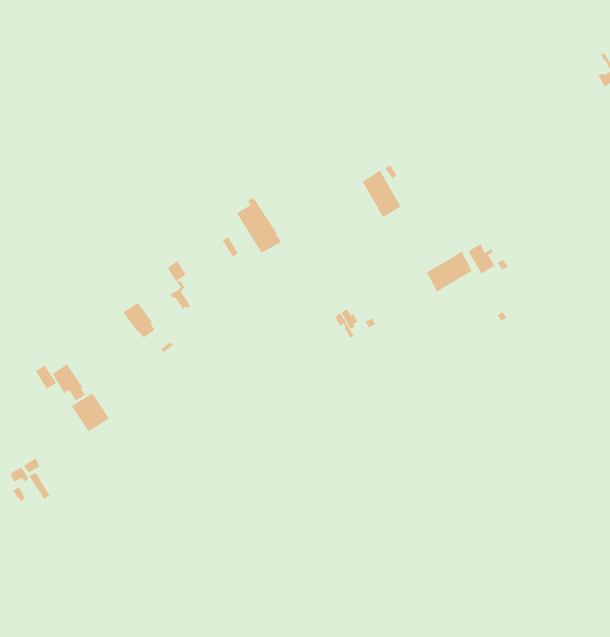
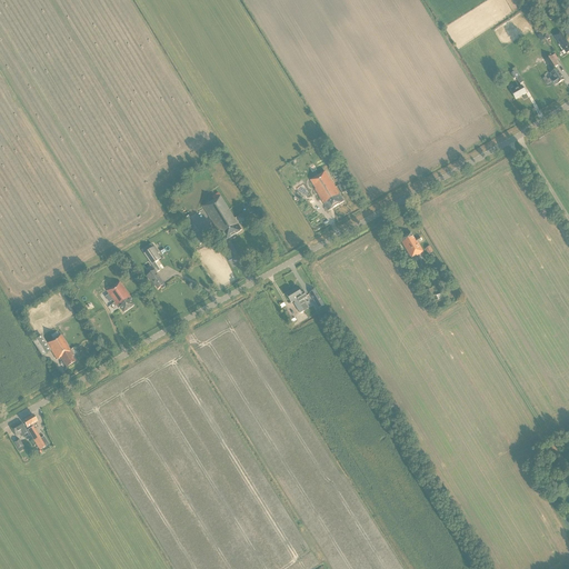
building: [426,251,473,293] -> none
building: [71,393,110,432] -> none

